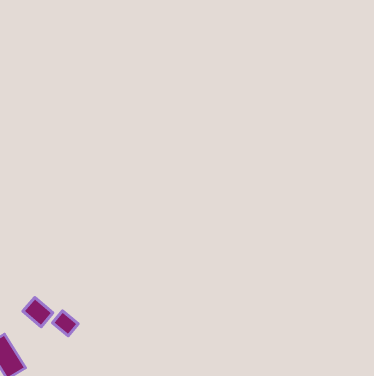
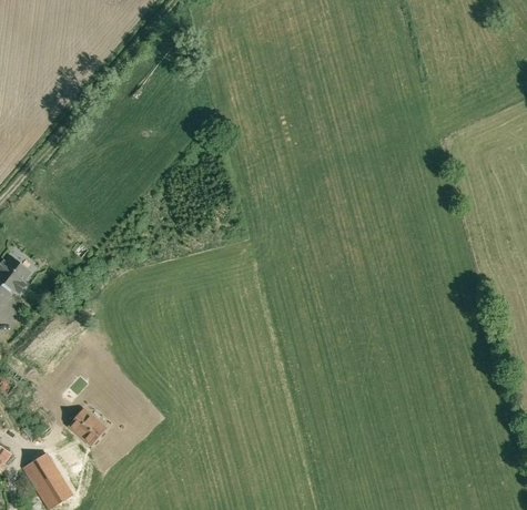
building: [53,311,78,336] -> none

